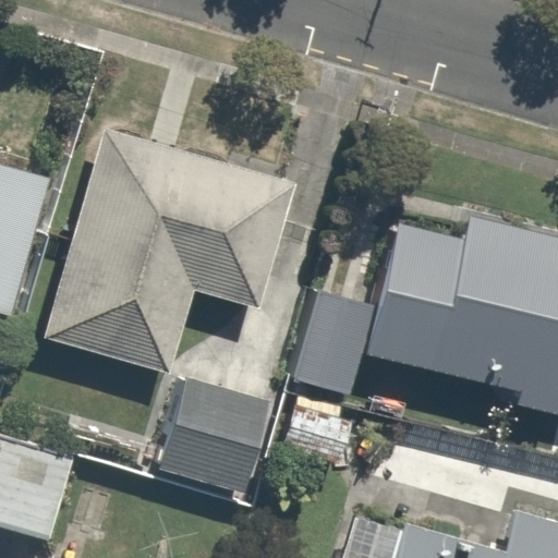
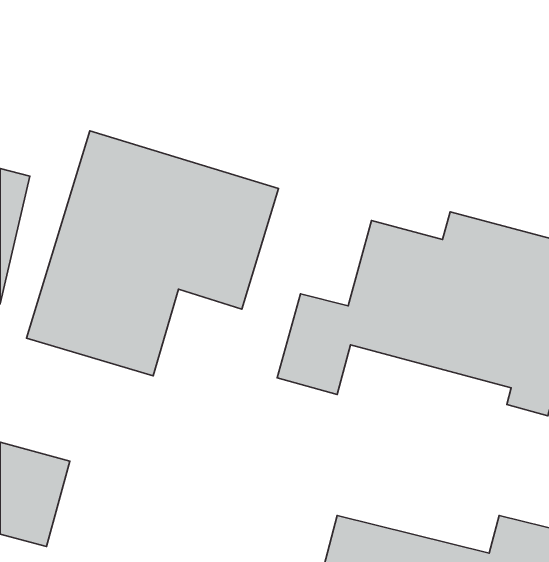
building: [159,378,271,497] -> none

